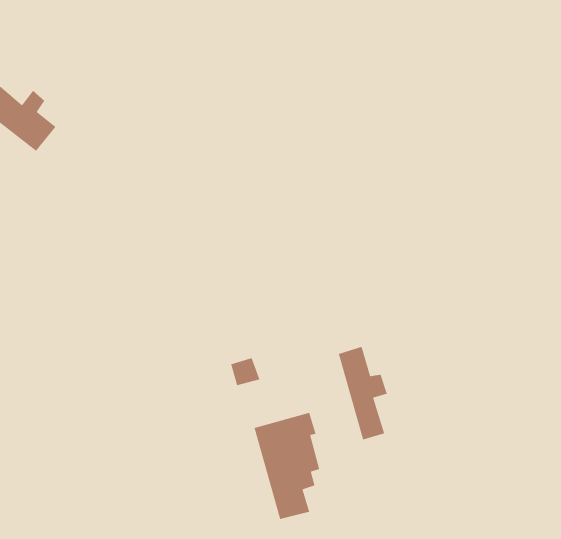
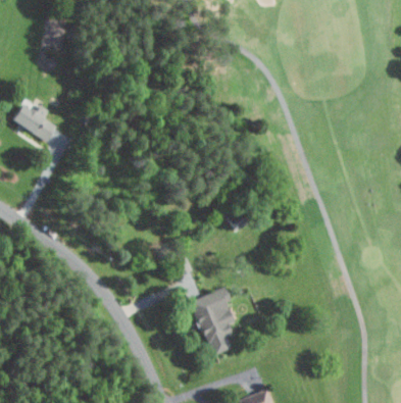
building: [338,346,388,440] -> none

